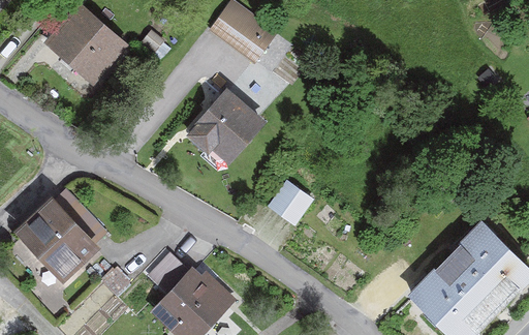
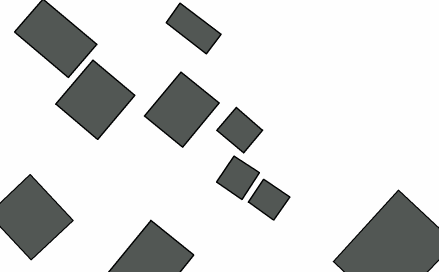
building: none -> [56,60,135,139]
building: none -> [217,107,263,153]
building: none -> [248,179,290,220]

